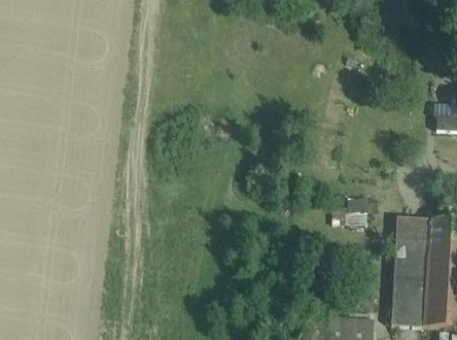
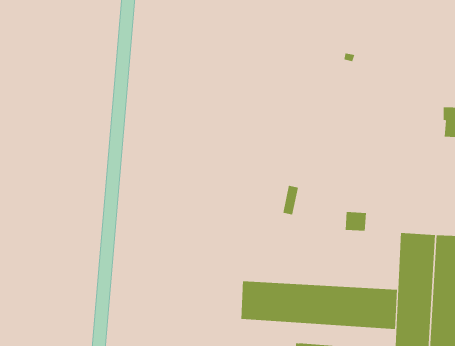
building: none -> [241,280,397,330]

